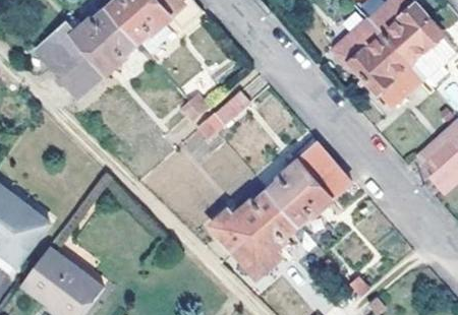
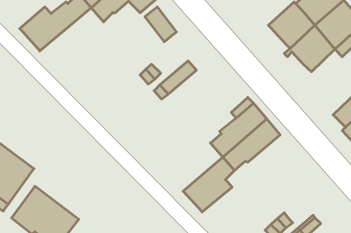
building: [57,26,135,100] -> none
building: [212,192,282,253] -> none

